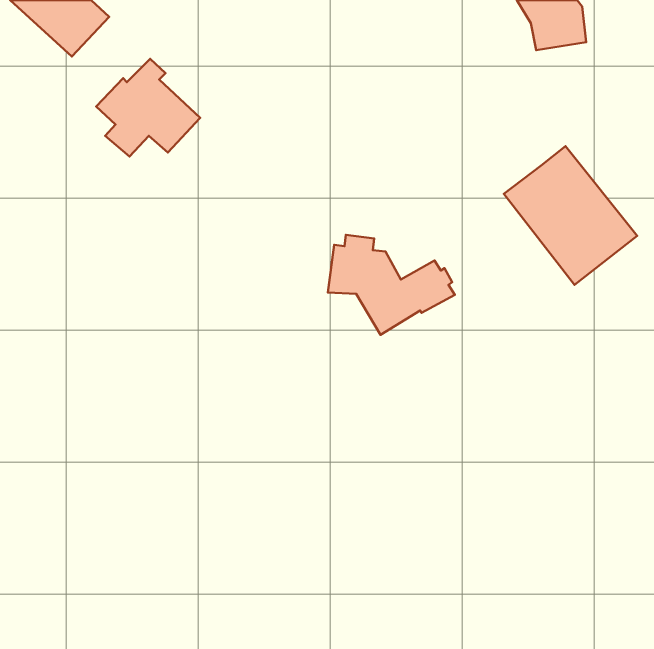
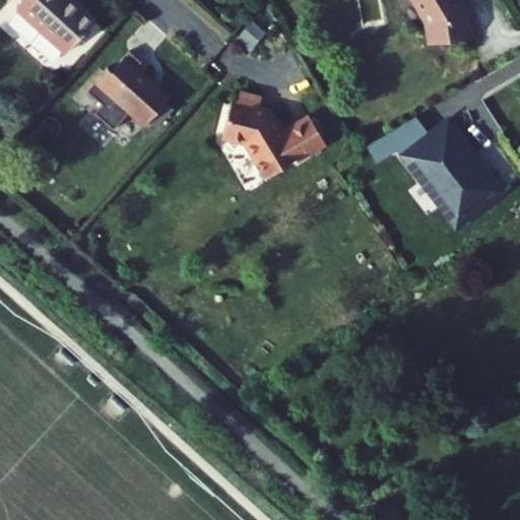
building: none -> [366,121,429,168]
building: [328,235,455,335] -> [230,92,330,172]

